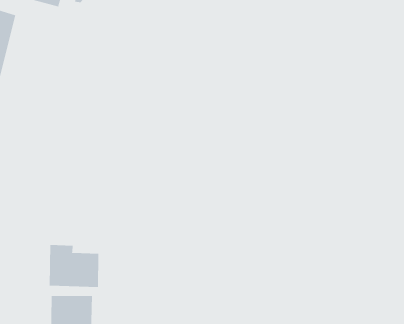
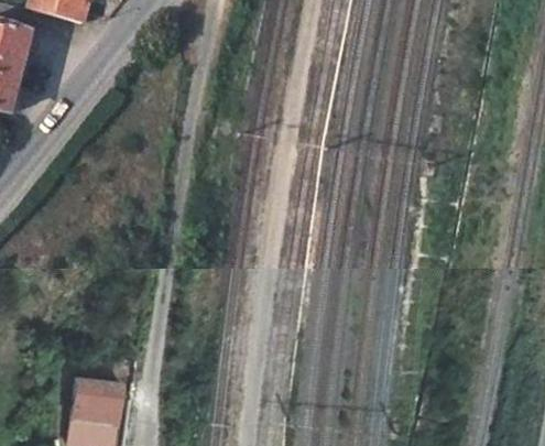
building: [49,244,99,288] -> none

